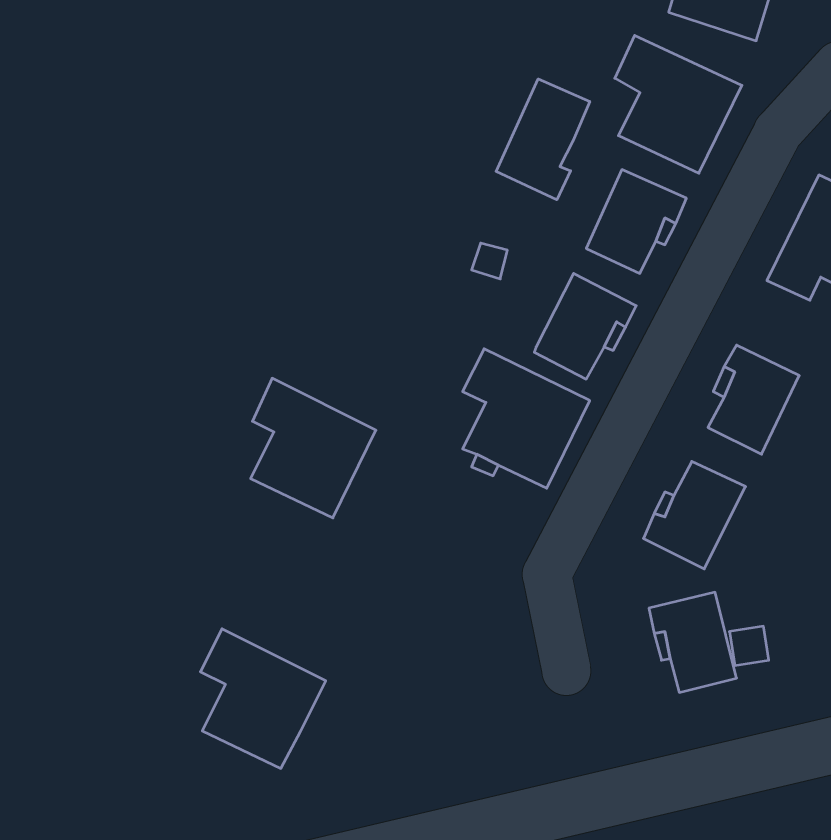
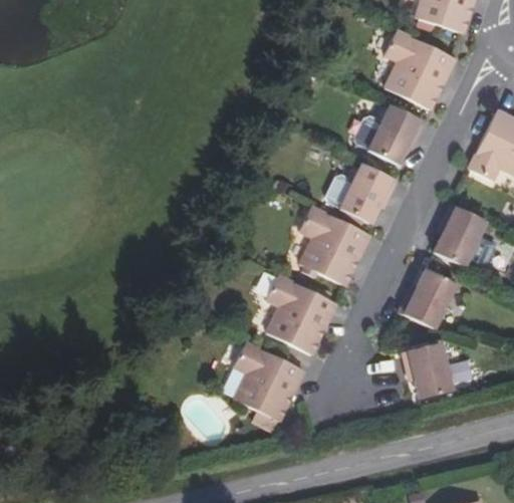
building: [496,79,590,200] -> none
building: [251,378,376,518] -> [265,275,335,353]
building: [200,629,326,768] -> [233,341,303,420]

